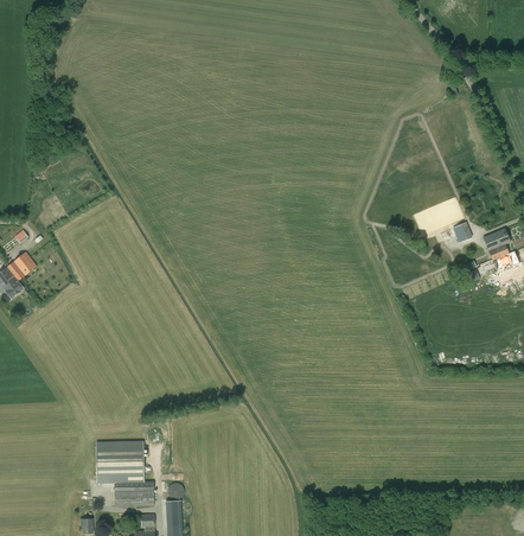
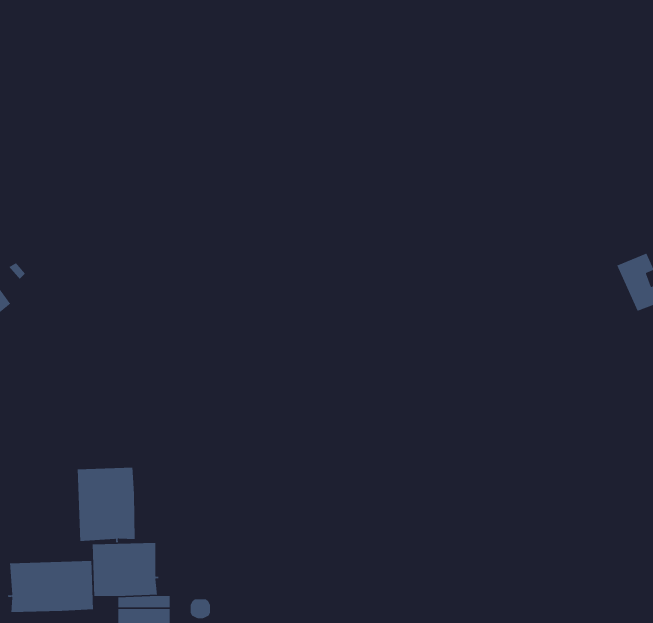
building: none -> [77,467,136,543]
building: none -> [7,560,94,613]

